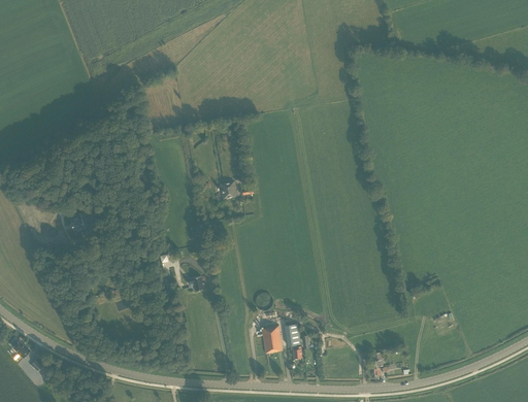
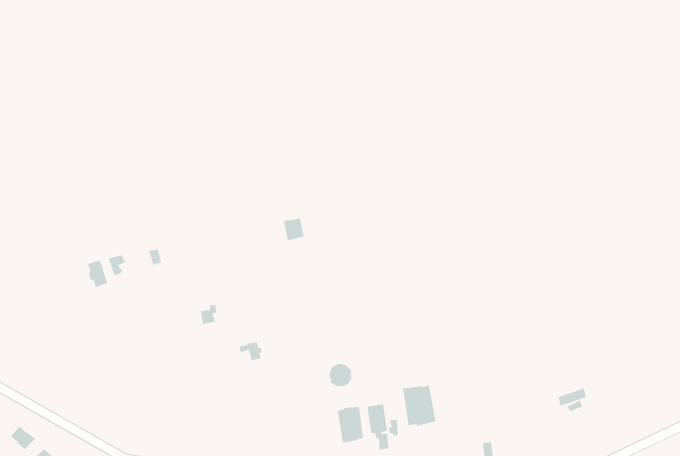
building: none -> [402,385,436,427]

